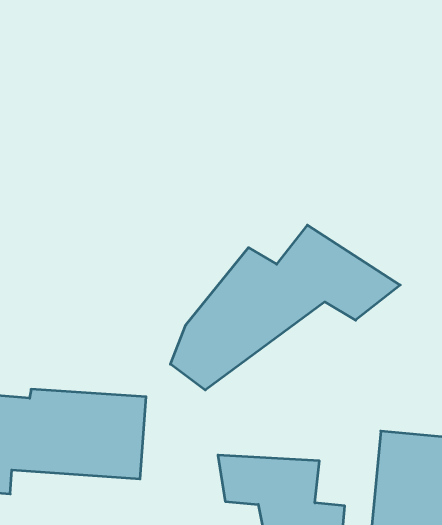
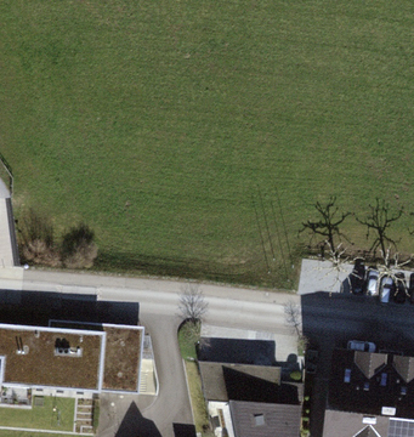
building: [170,225,400,390] -> none

